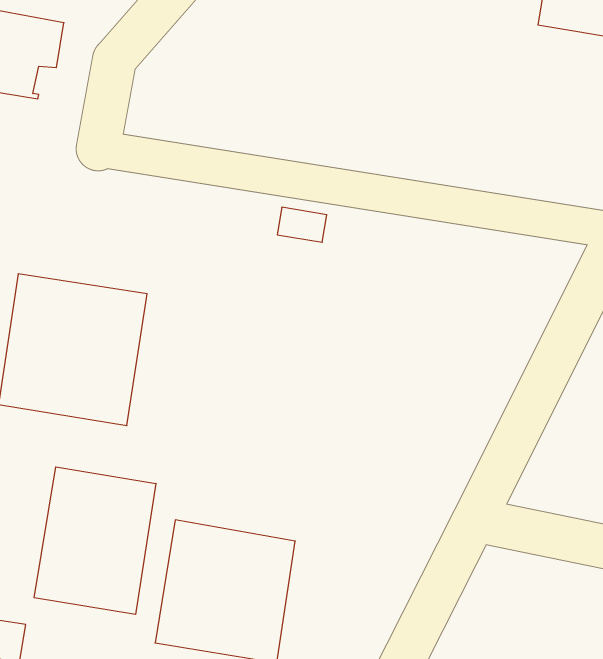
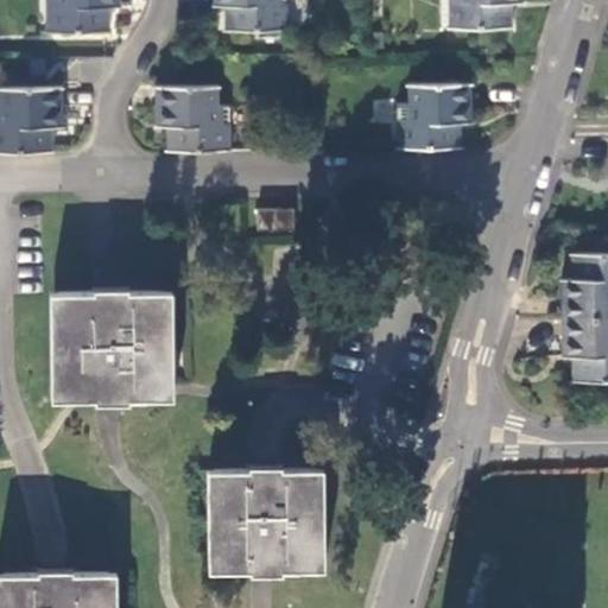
building: none -> [156,87,232,151]
building: none -> [397,82,471,148]
building: [34,467,156,614] -> none

